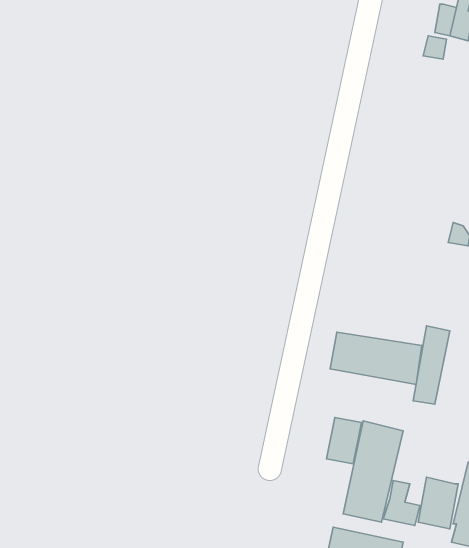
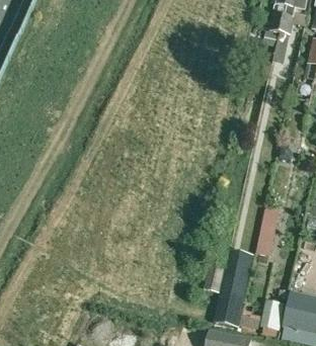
building: [330,332,422,384] -> none

